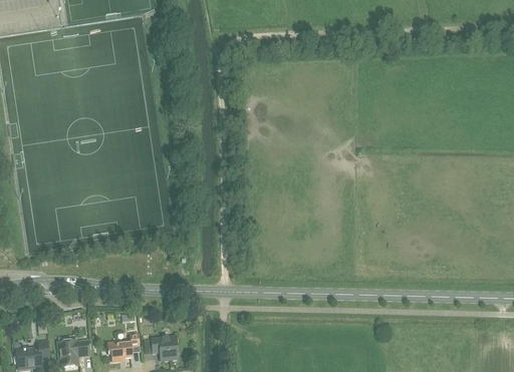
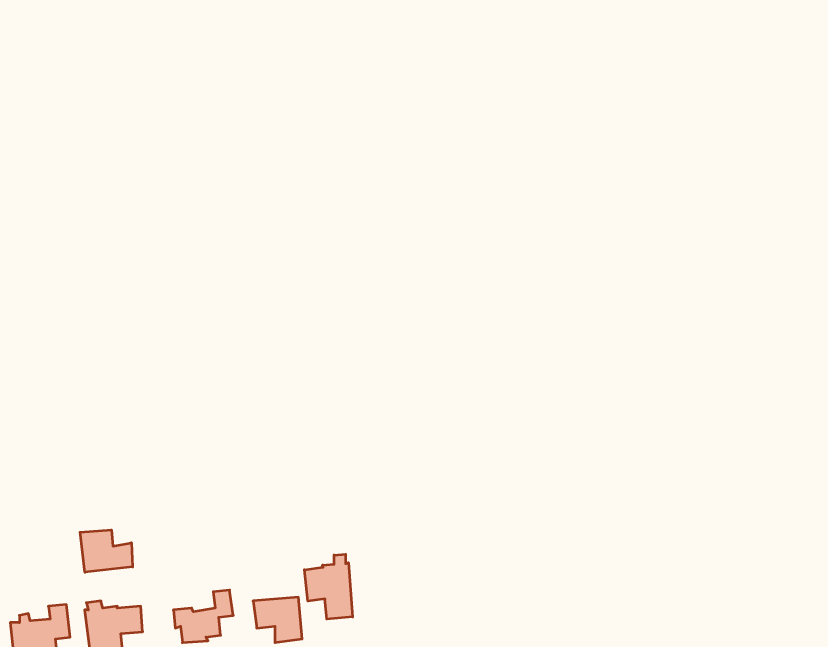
building: none -> [80,530,133,572]
building: none -> [304,554,353,619]

